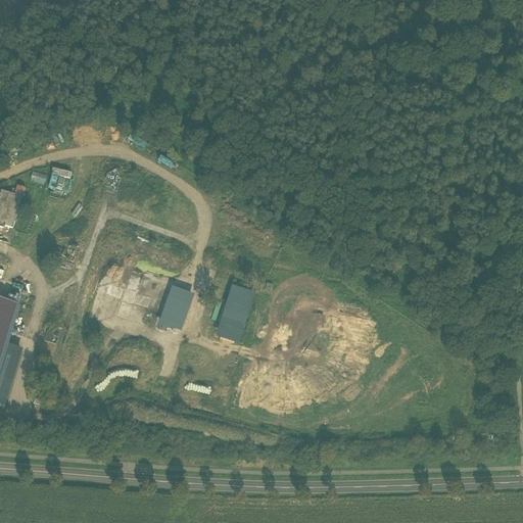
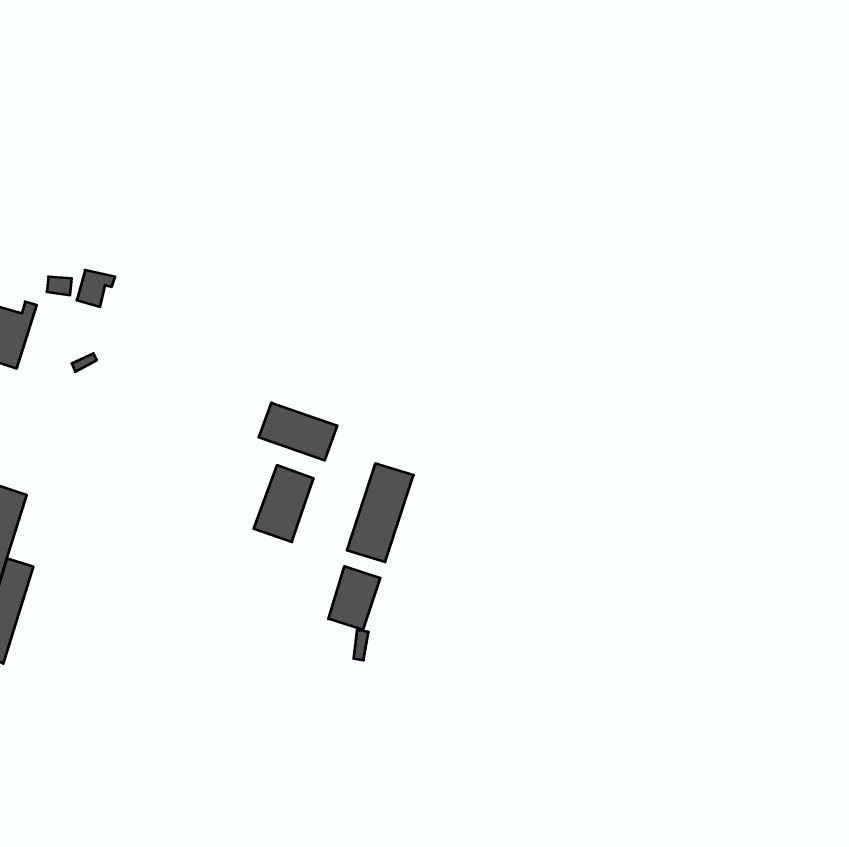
building: none -> [259,403,337,460]
building: none -> [328,566,380,630]

